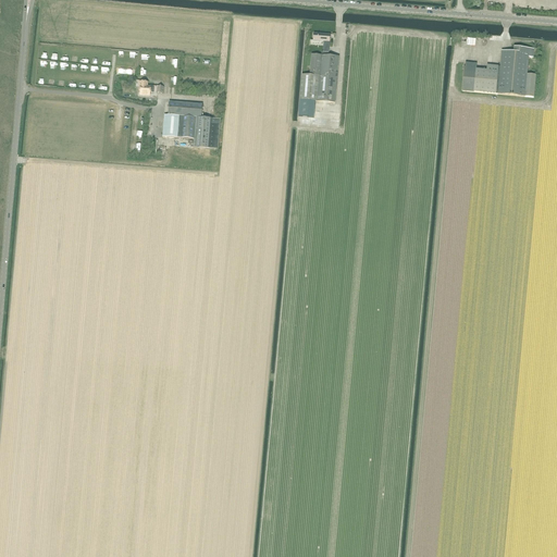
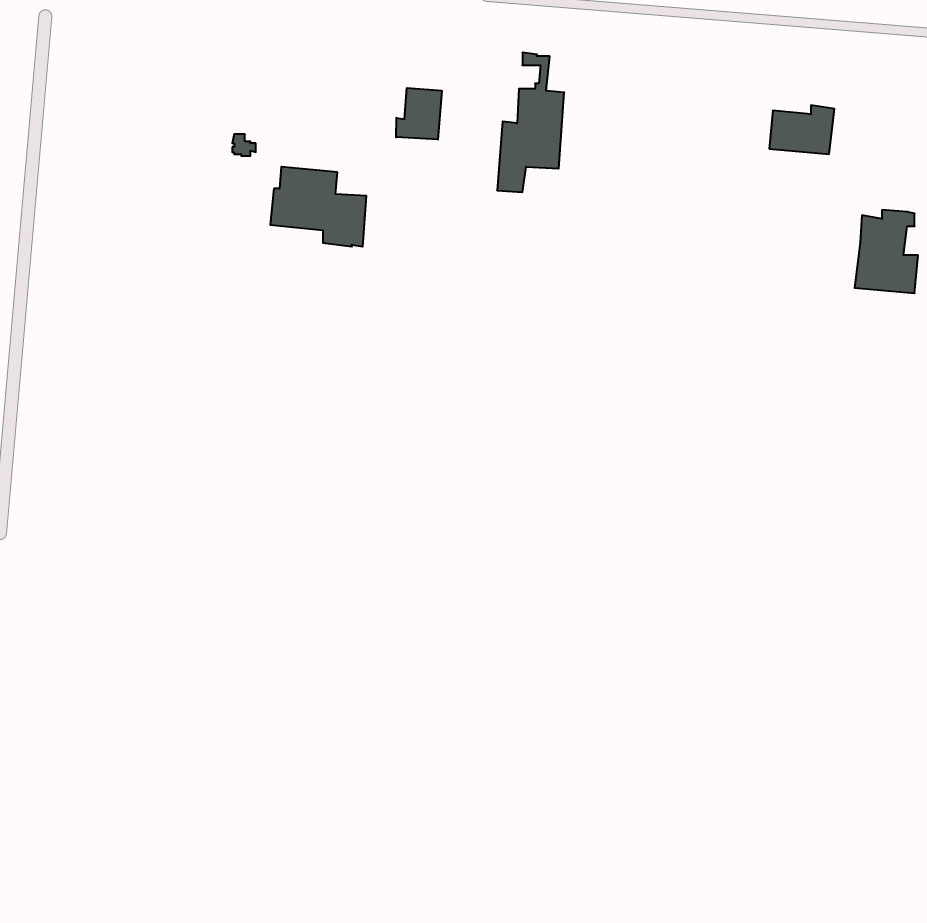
building: [497,46,535,96] -> [855,210,918,293]
building: none -> [396,88,442,140]

